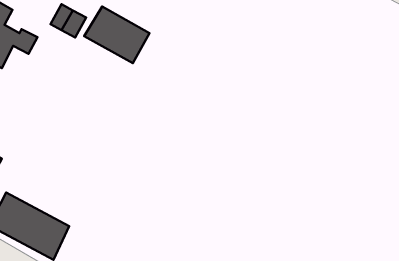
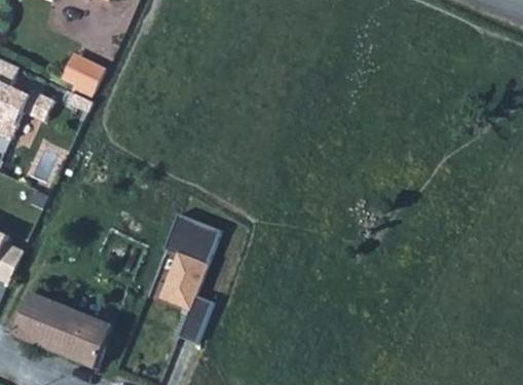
building: [84,7,150,63] -> none
building: none -> [156,218,218,345]

